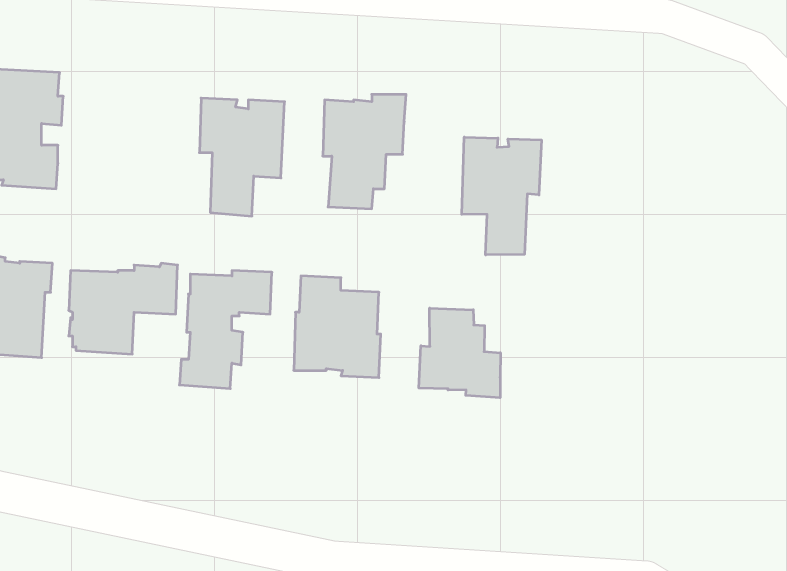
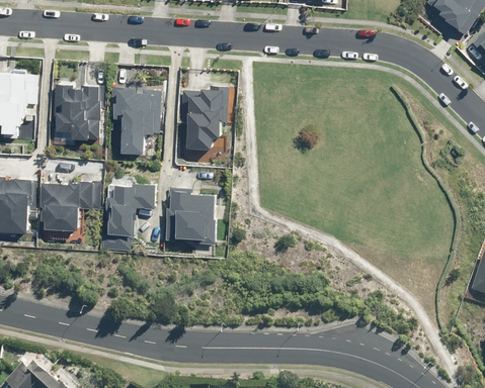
building: none -> [55,84,101,139]
building: [462,137,541,255] -> none
building: [419,308,500,398] -> none

